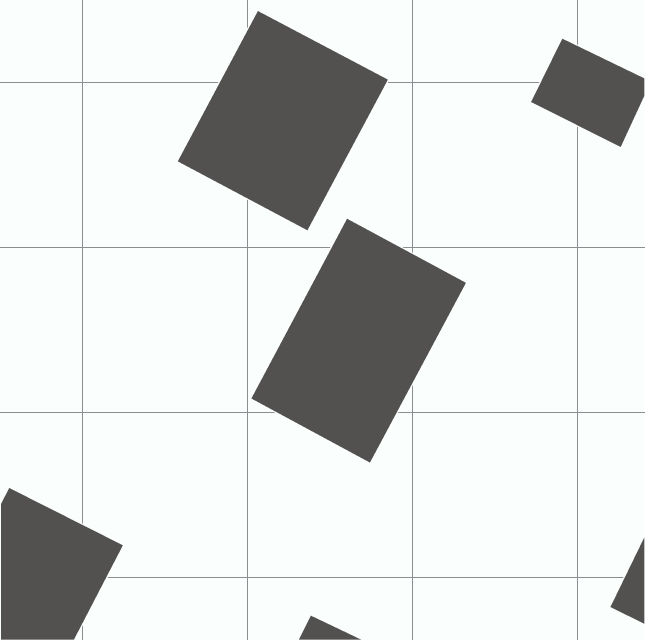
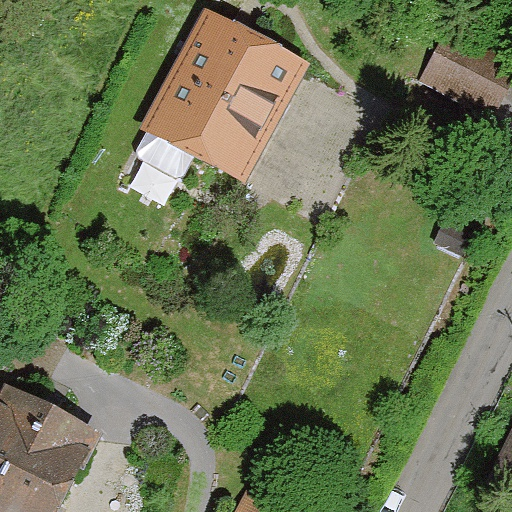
building: [250,218,467,463] -> none

